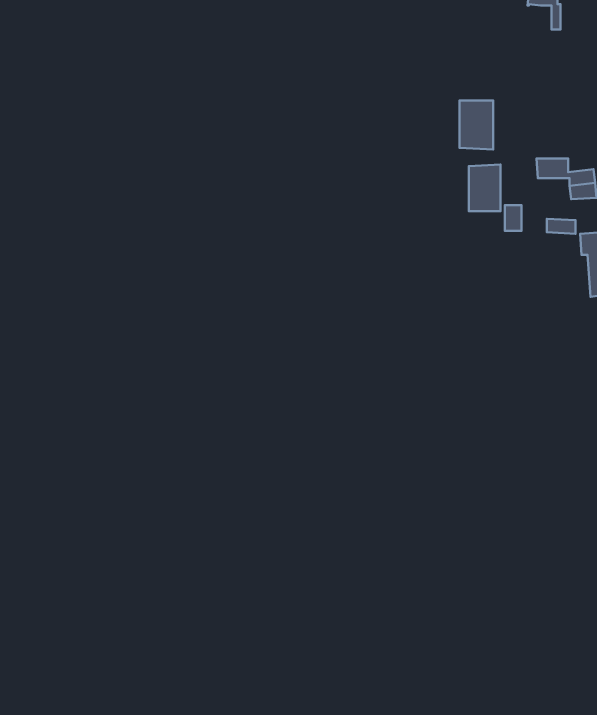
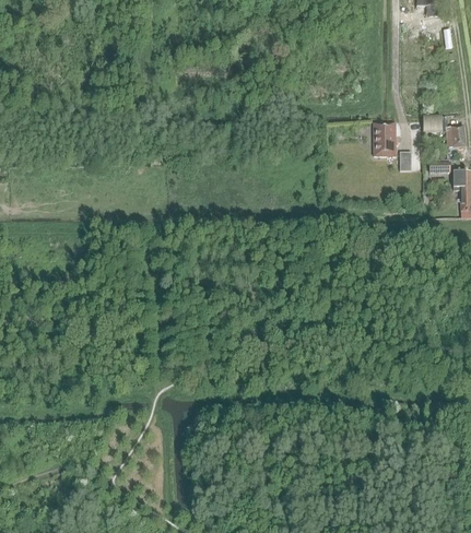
building: [459,101,493,149] -> none

